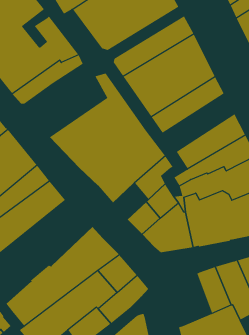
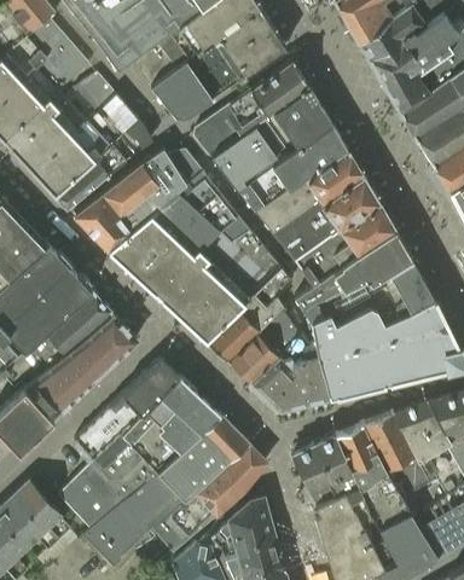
building: none -> [74,150,187,251]
building: none -> [272,172,376,262]
building: none -> [207,311,257,364]
building: none -> [74,360,179,462]
building: none -> [291,436,360,514]

